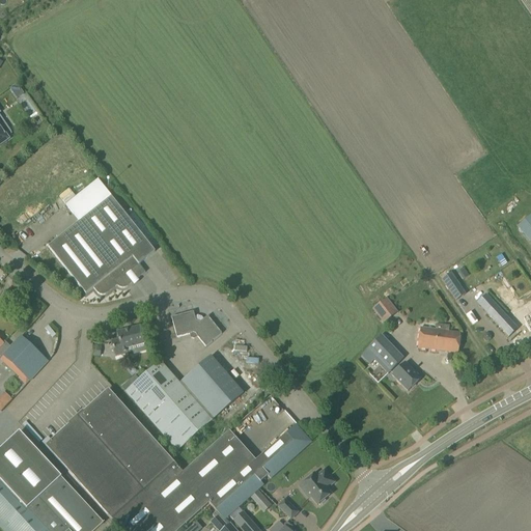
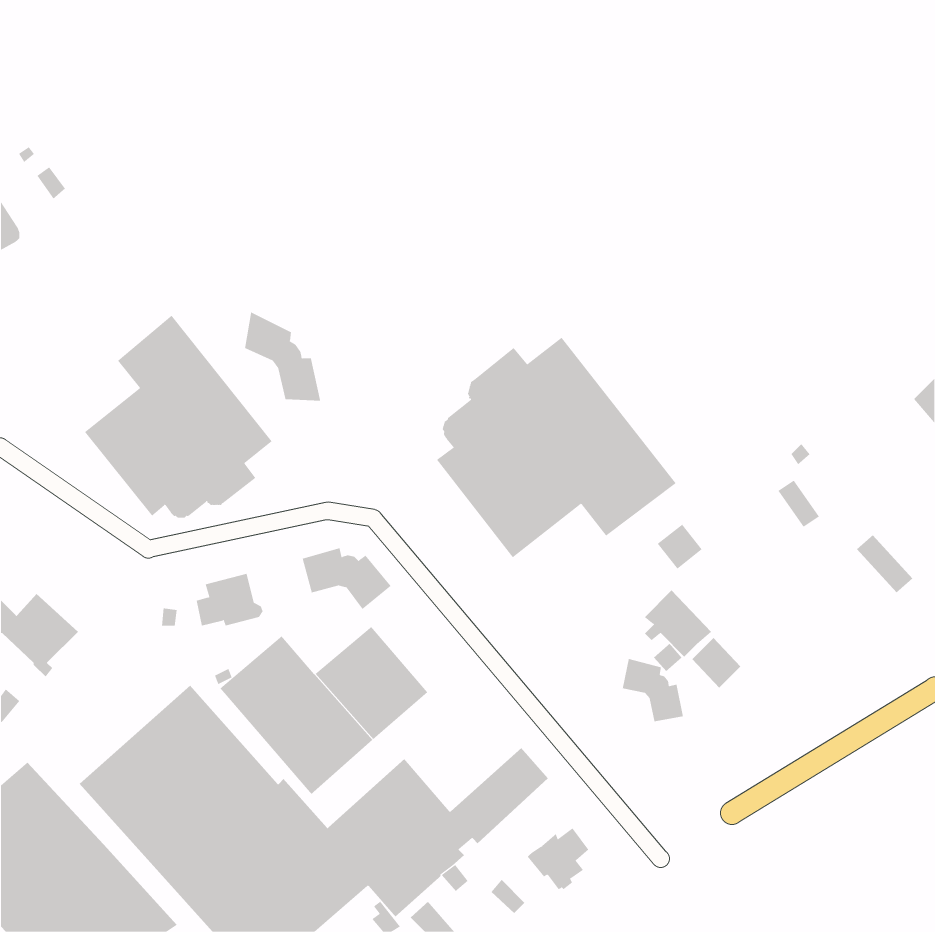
building: none -> [244,311,321,402]
building: none -> [436,337,677,558]
building: [417,323,460,353] -> none
building: none -> [622,658,683,722]

